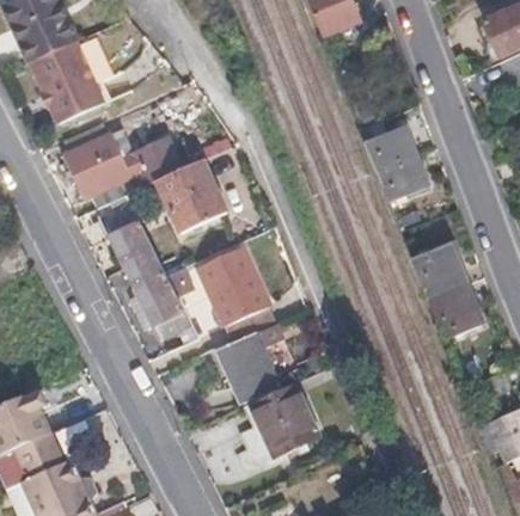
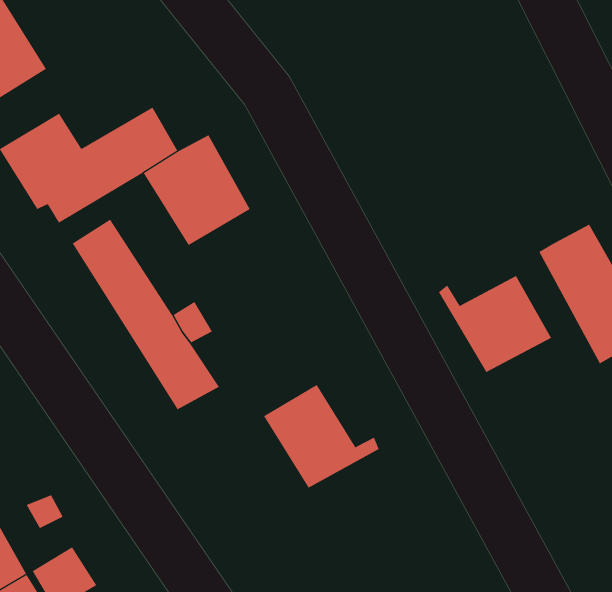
building: [366,133,424,204] -> none
building: [197,247,268,326] -> none
building: none -> [438,275,552,373]
building: [252,377,323,453] -> none

